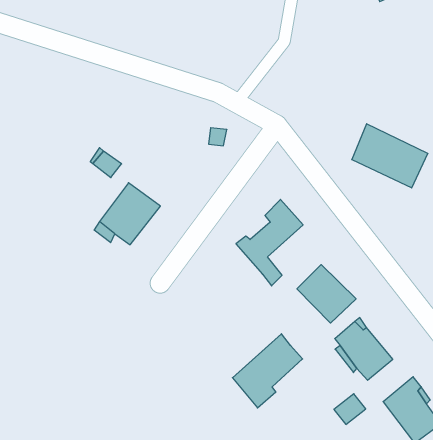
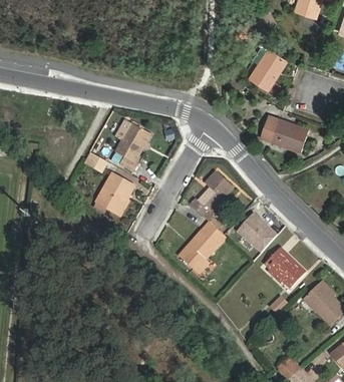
building: none -> [248,47,289,91]
building: none -> [117,124,151,162]
building: [232,334,303,408] -> [181,224,226,275]

